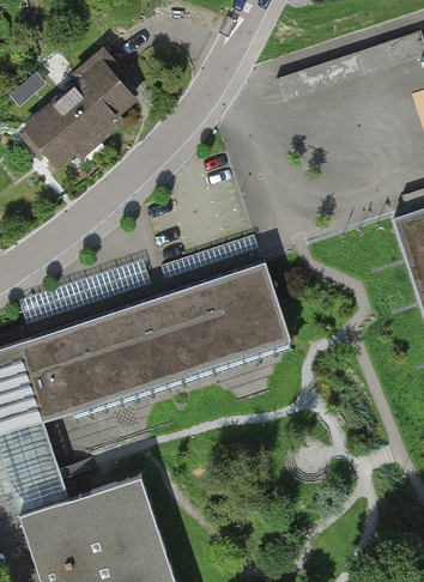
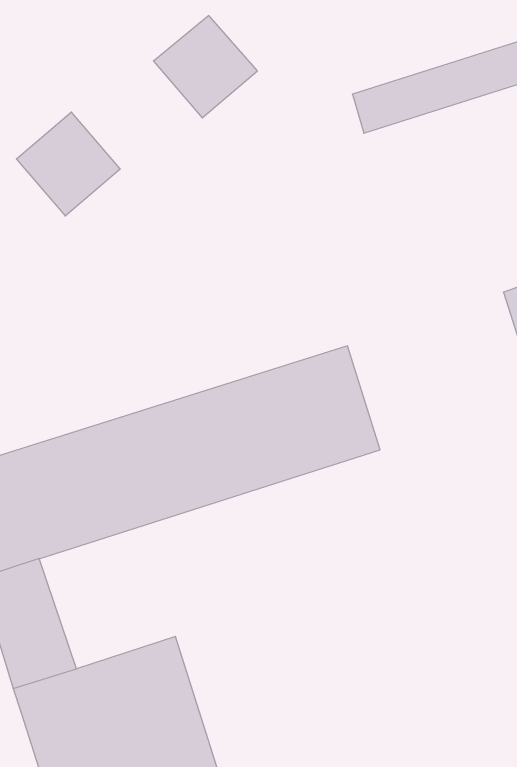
building: [66,57,143,133] -> [153,16,257,118]

